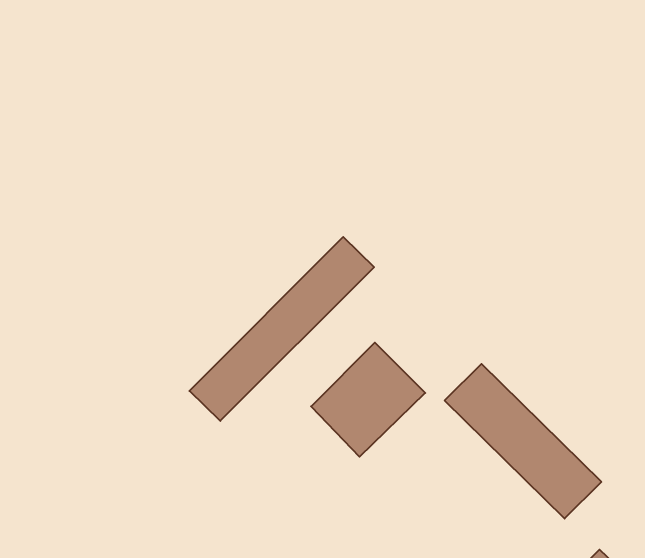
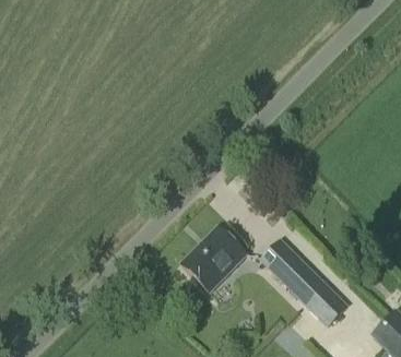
building: [189,237,374,421] -> none

